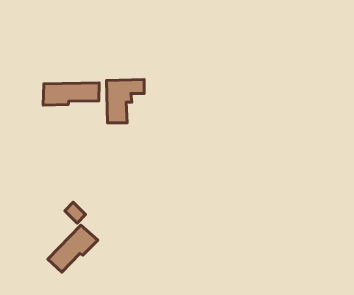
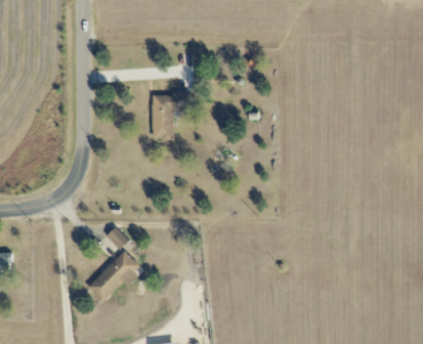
building: [43,83,99,105] -> none

